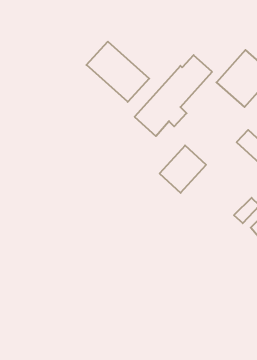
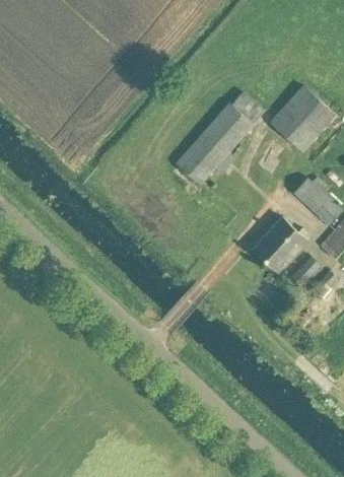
building: [86,42,149,102] -> none
building: [160,145,206,193] -> [253,216,306,271]

